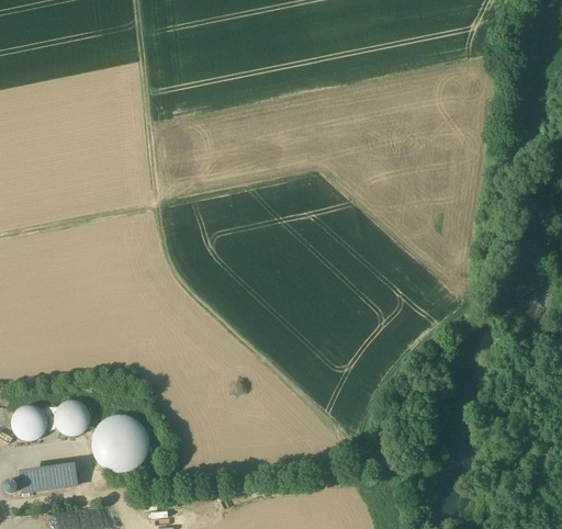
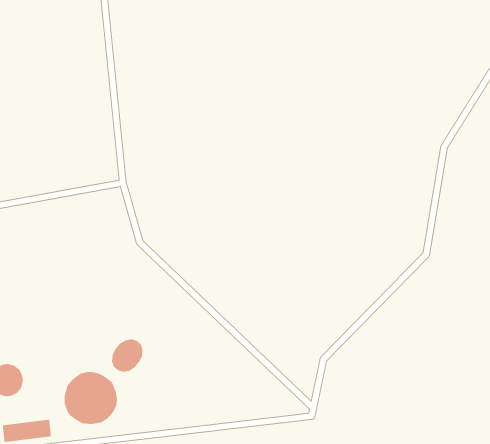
building: none -> [111,339,143,373]
building: [53,398,90,435] -> none

